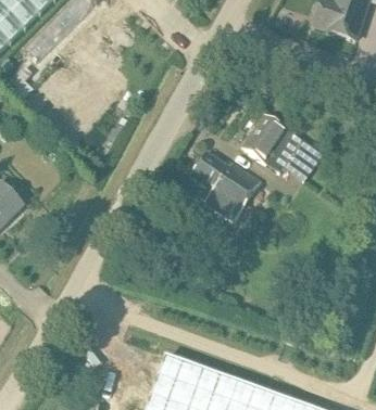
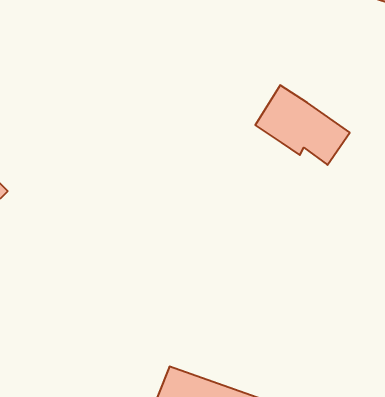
building: [189,151,260,221] -> none

